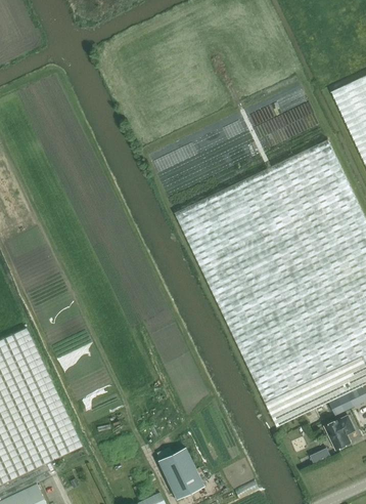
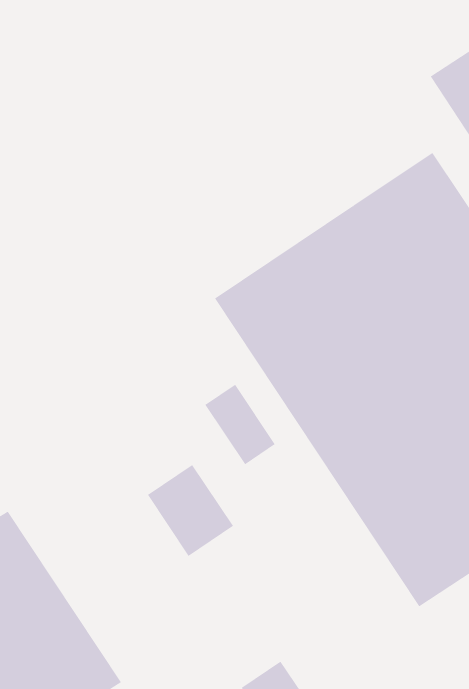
building: none -> [205,384,276,465]
building: none -> [147,464,234,557]

